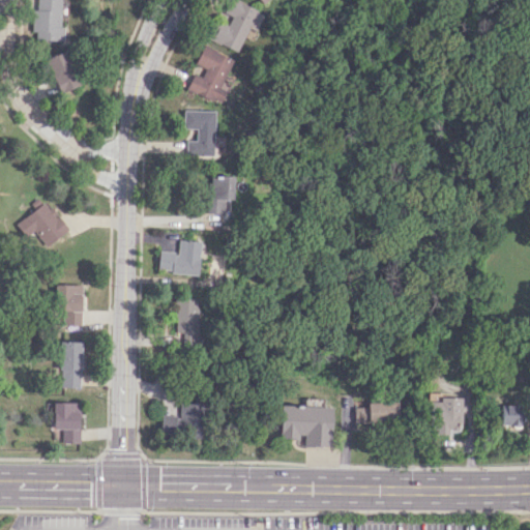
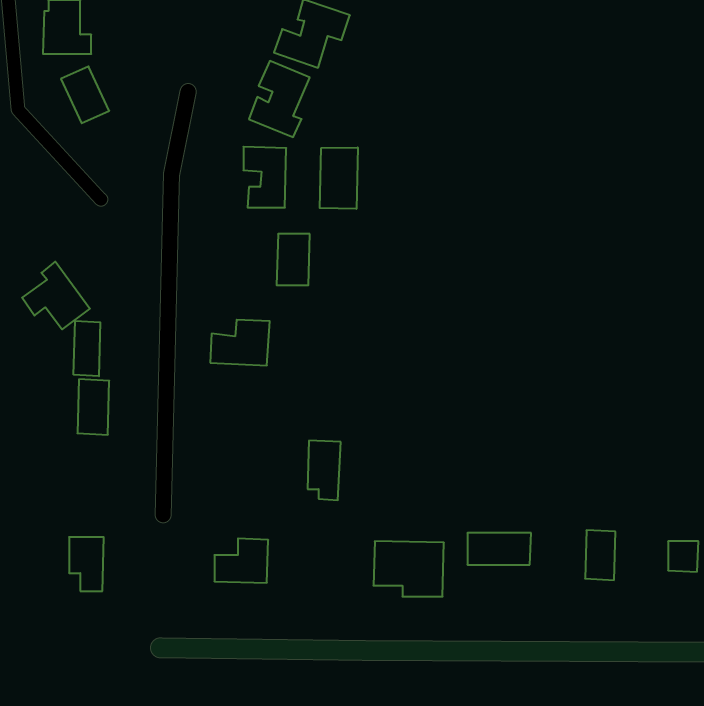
building: none -> [320,147,358,209]
building: none -> [74,321,100,376]
building: [176,299,201,344] -> [308,441,341,500]
building: [61,342,83,388] -> none

